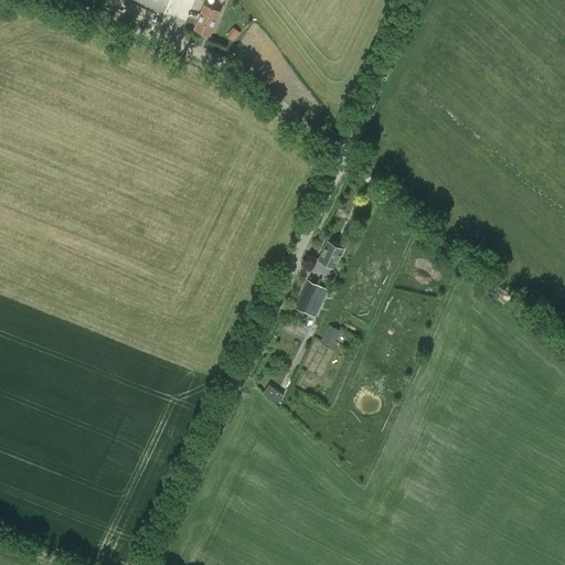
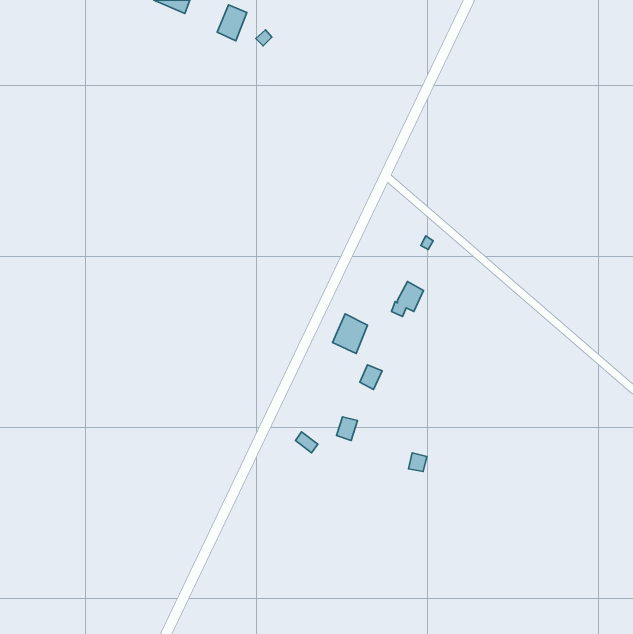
building: [313,242,342,273] -> [391,282,424,316]

